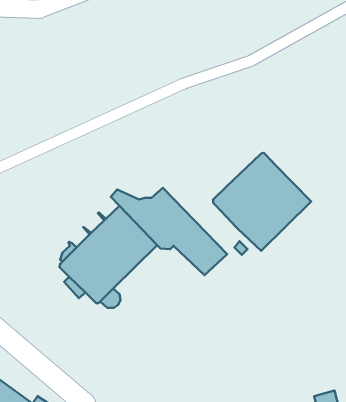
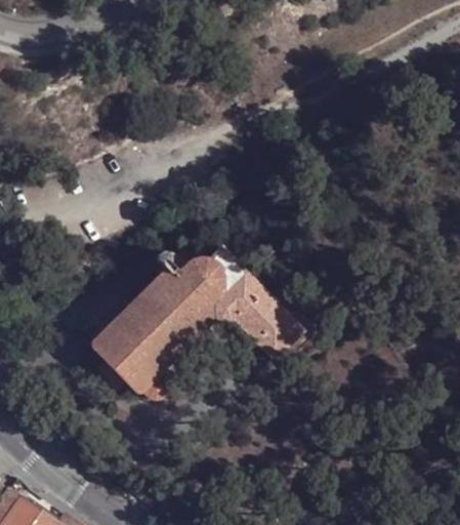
building: [213,153,311,251] -> none

